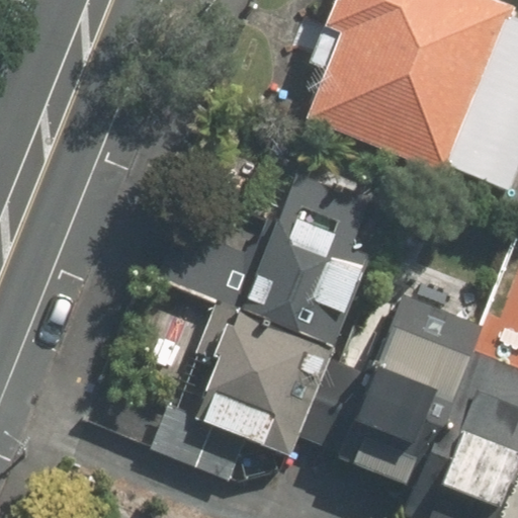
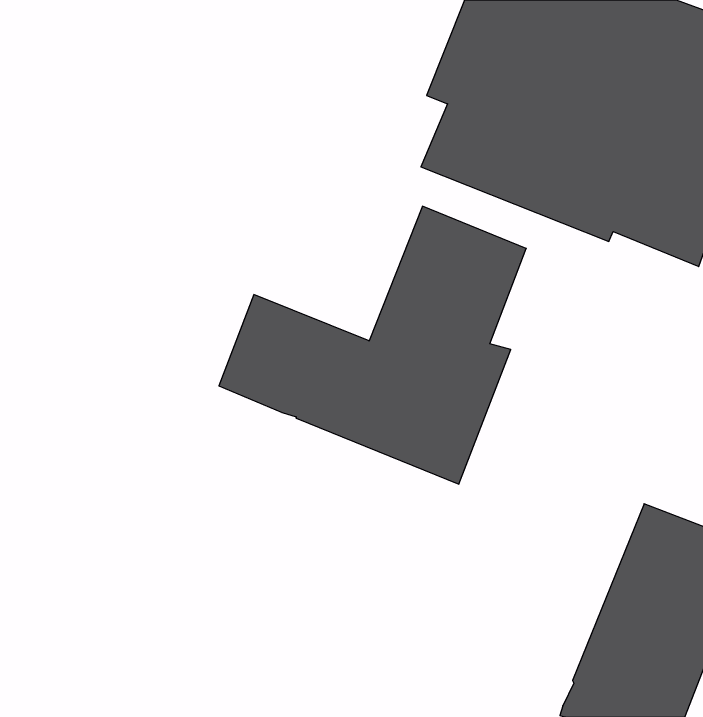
building: [152,300,336,476] -> none
building: [307,308,479,486] -> none

